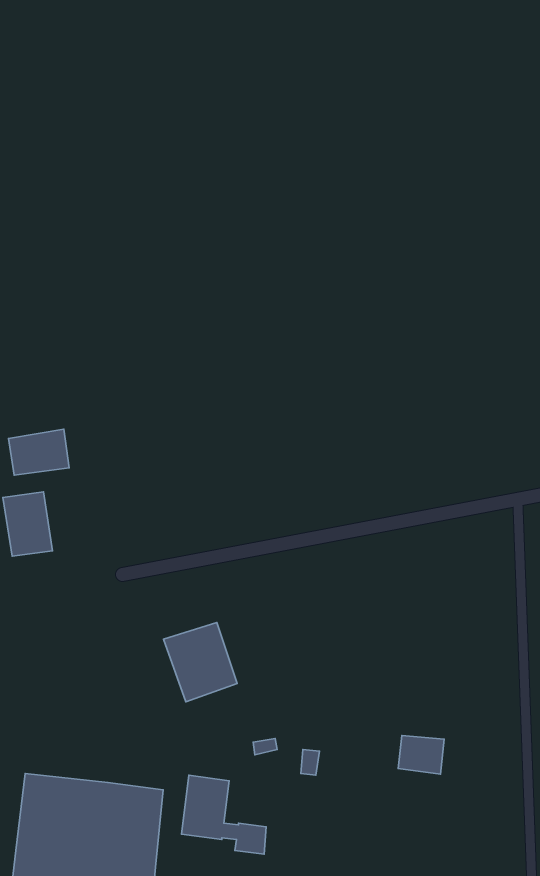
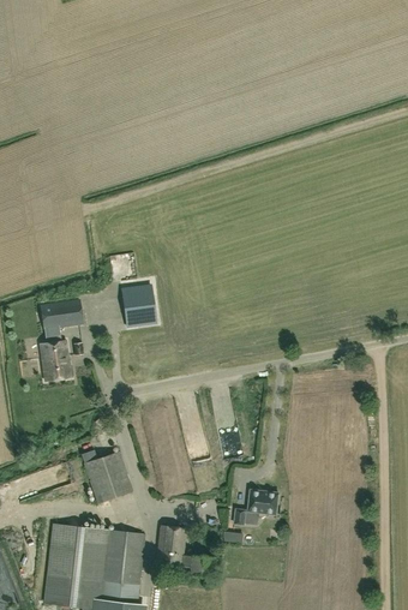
building: none -> [120,285,155,324]
building: [164,623,237,702] -> [83,451,131,503]
building: [398,735,444,774] -> [247,489,277,514]

